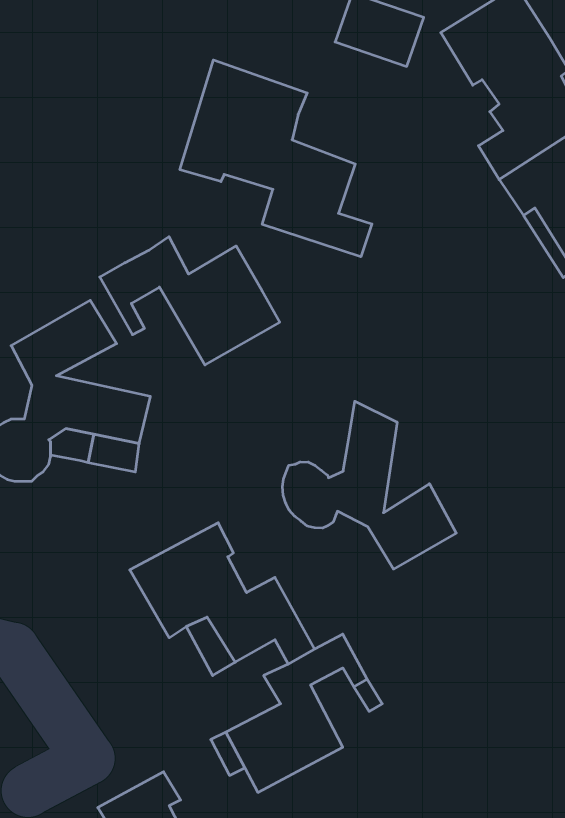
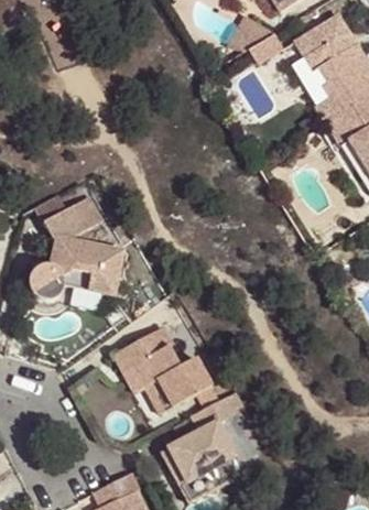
building: [180,60,372,257] -> none
building: [100,237,280,365] -> none
building: [282,401,456,569] -> none

